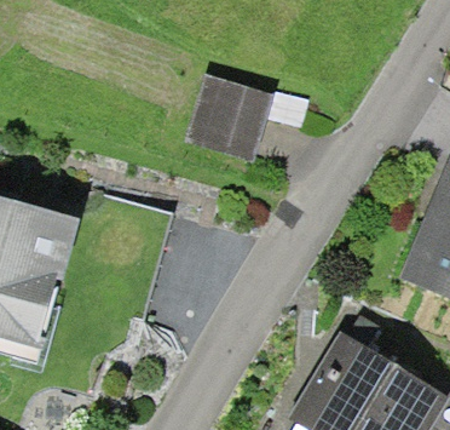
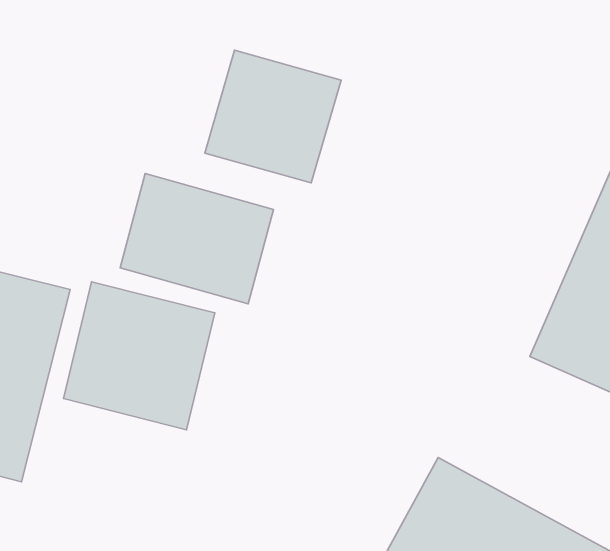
building: none -> [120,174,273,304]
building: none -> [63,282,215,430]

